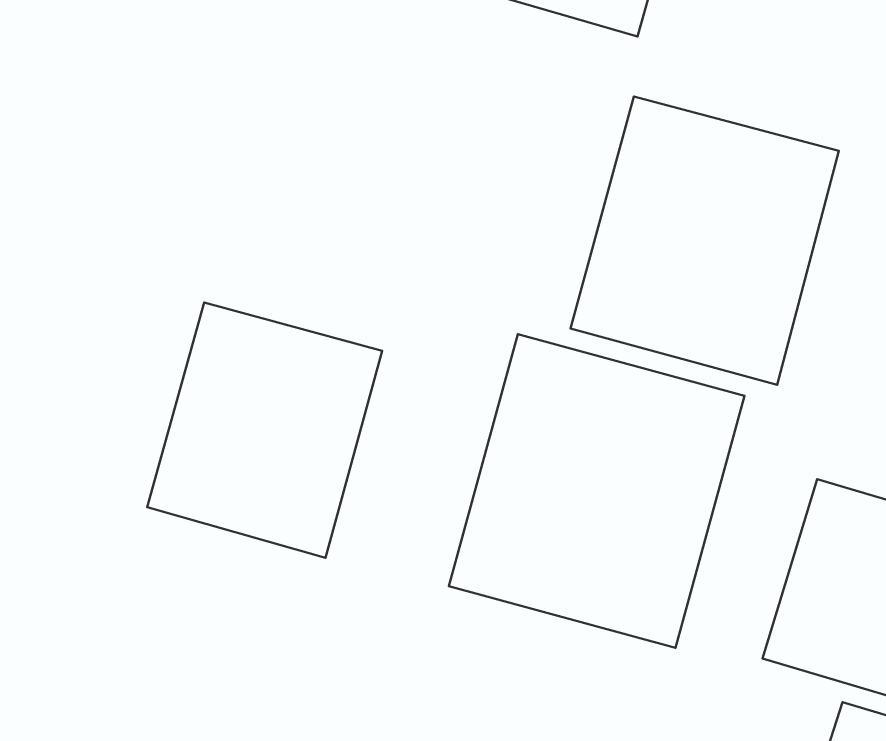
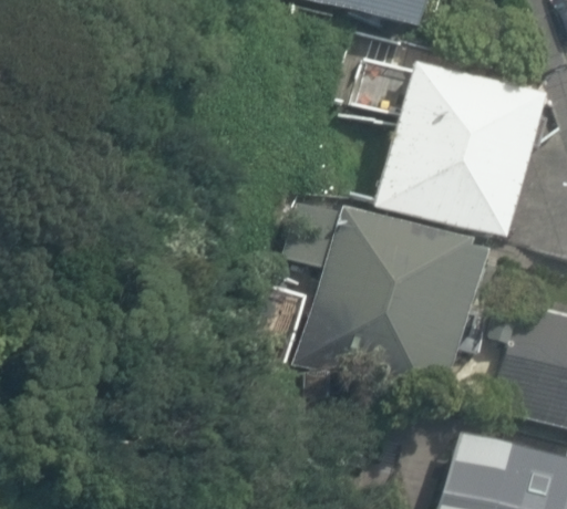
building: [147,302,382,558] -> none

